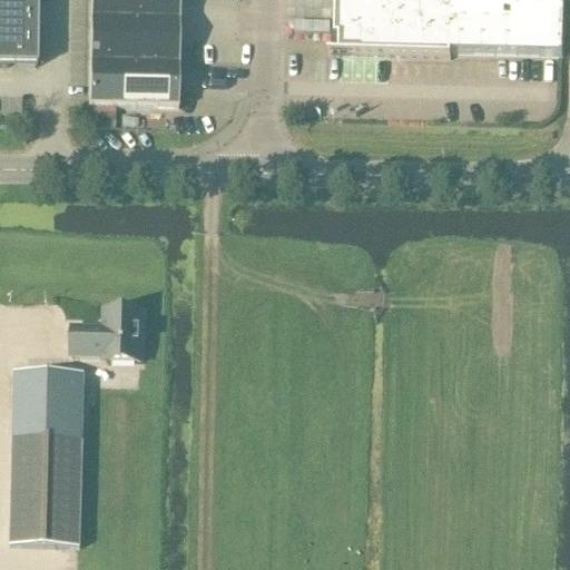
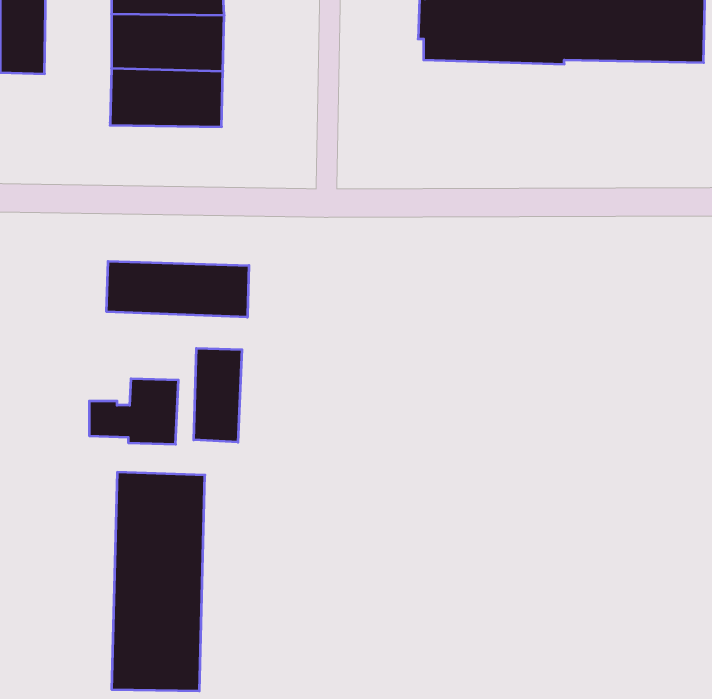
building: none -> [107,261,249,317]
building: none -> [194,348,242,442]
building: [10,366,85,541] -> [112,472,205,691]

